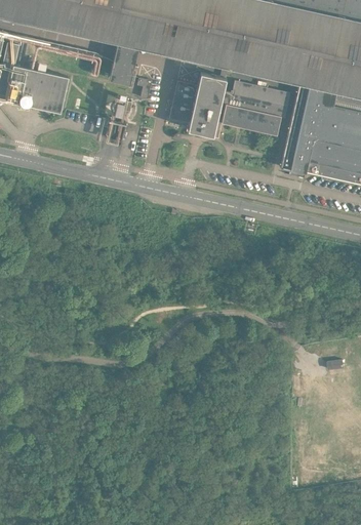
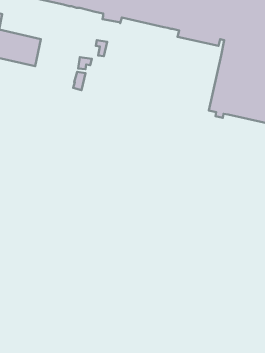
building: [169,60,290,135] -> none

